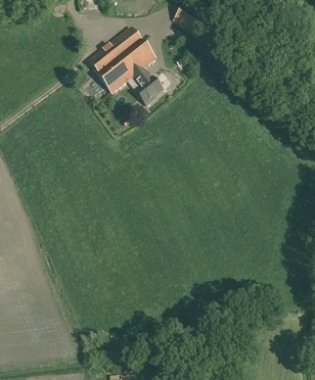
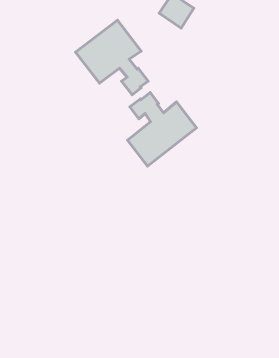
building: none -> [128,92,197,166]

